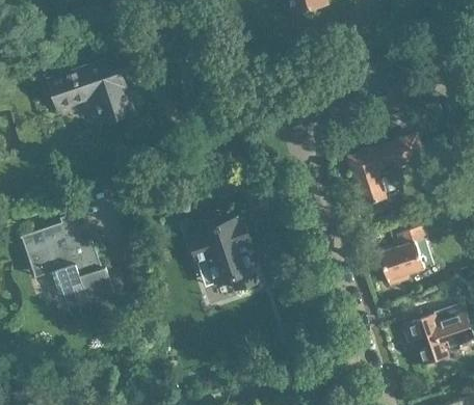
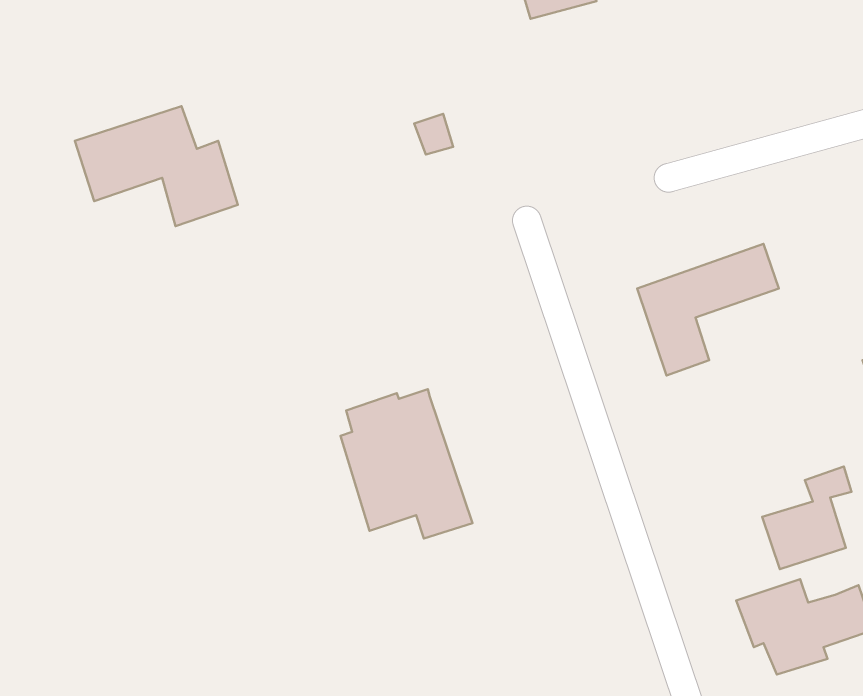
building: [20,215,112,307] -> none
building: [377,226,425,281] -> [762,466,852,569]

